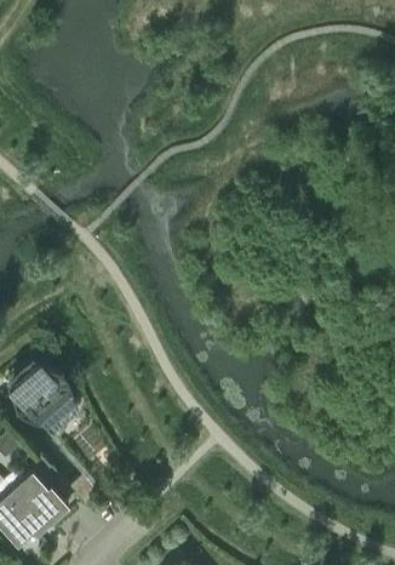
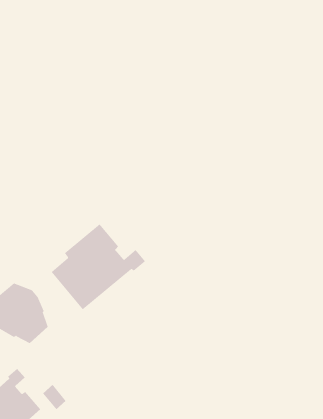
building: none -> [51,223,146,310]

